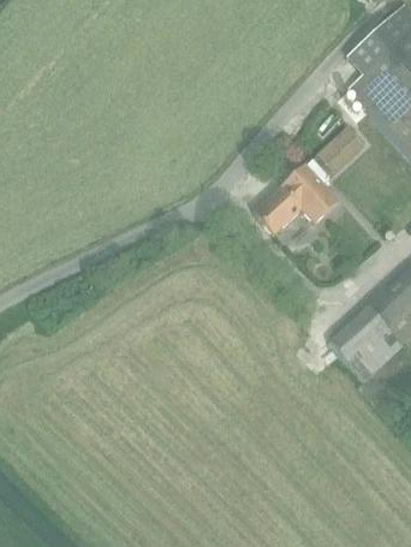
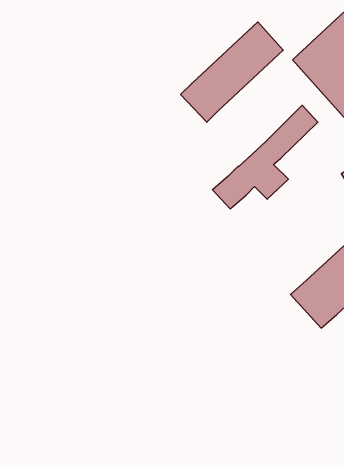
building: none -> [181,22,283,122]

